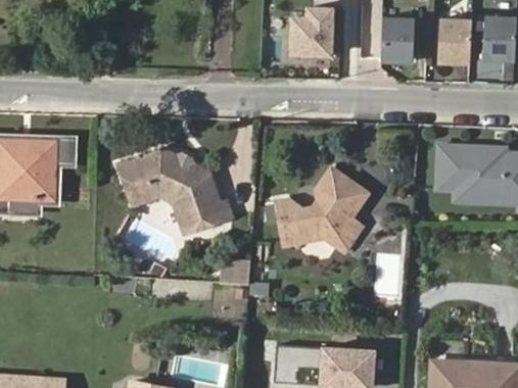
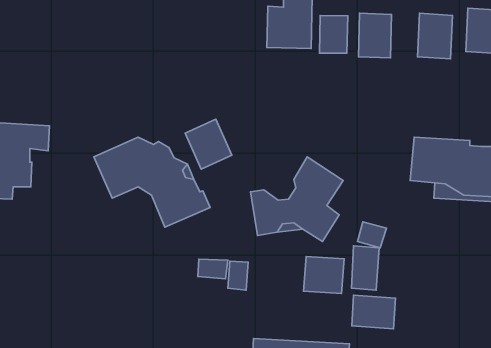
building: none -> [319,16,348,53]
building: none -> [185,119,232,169]
building: none -> [304,256,344,294]
building: none -> [352,295,395,329]

